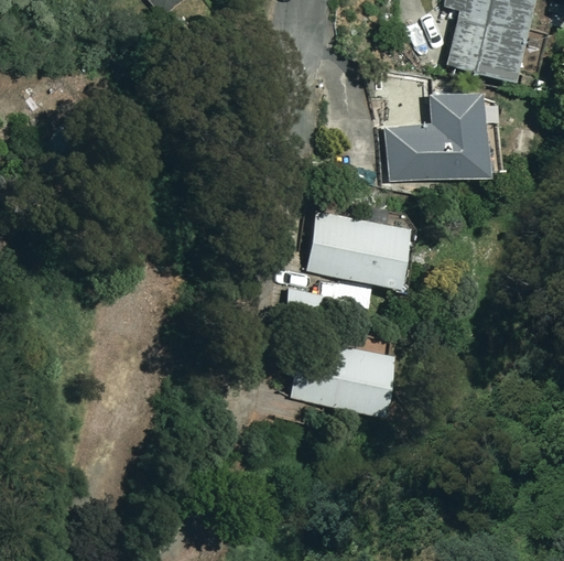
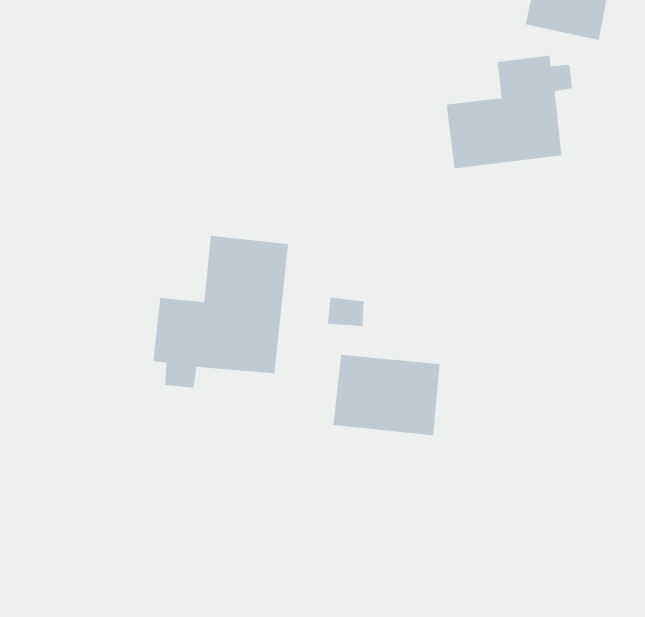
building: [311,201,404,283] -> none
building: none -> [153,235,289,388]

